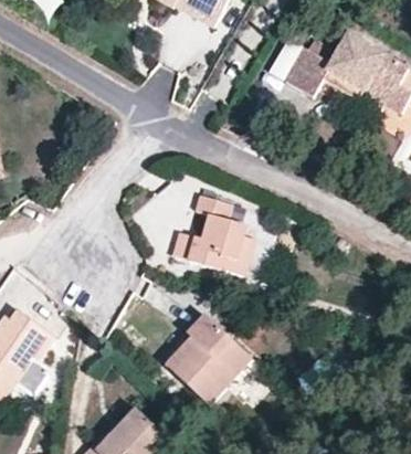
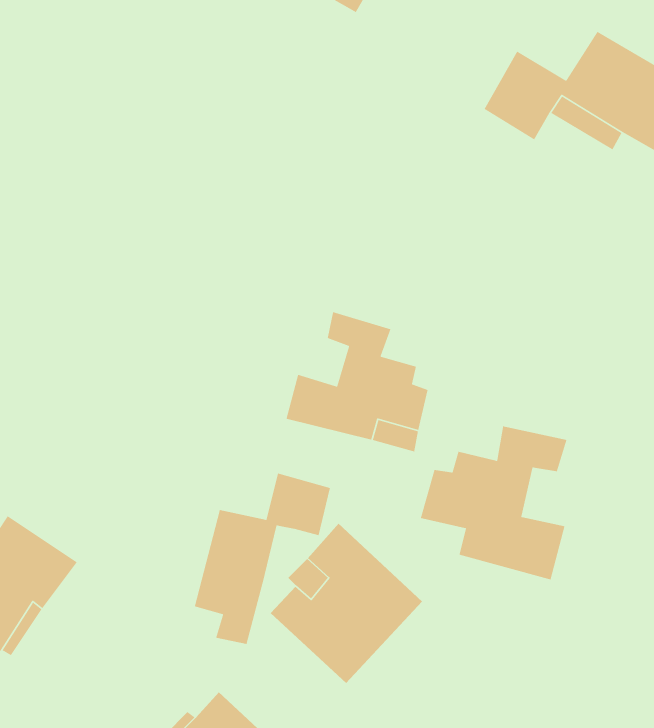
building: none -> [420,425,567,581]
building: none -> [194,473,331,645]

